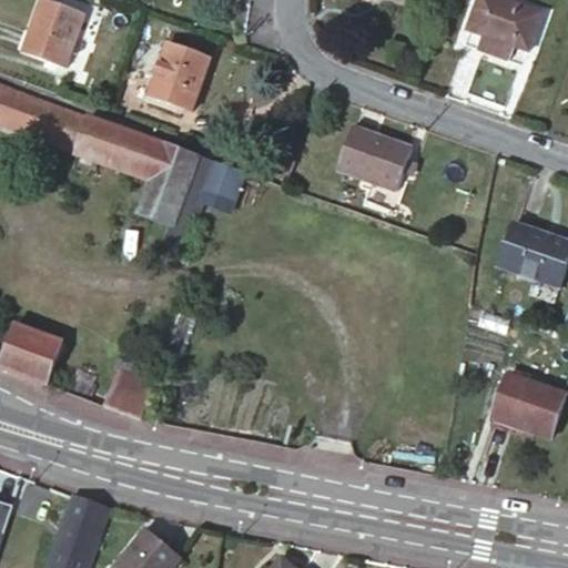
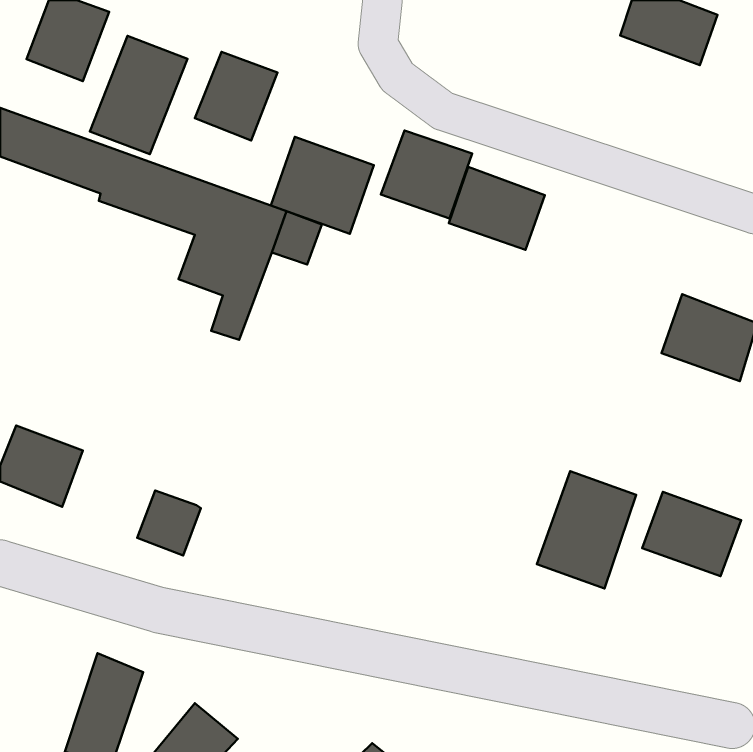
building: none -> [90,36,187,154]
building: none -> [381,130,472,219]
building: none -> [271,137,374,234]
building: none -> [537,471,636,589]

